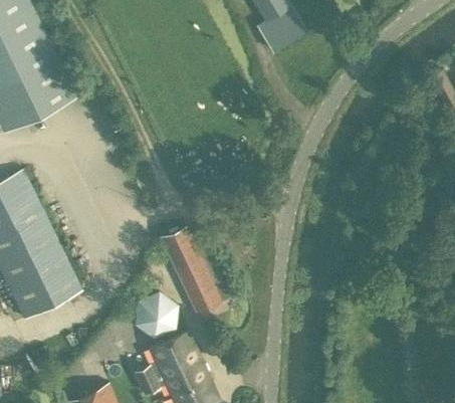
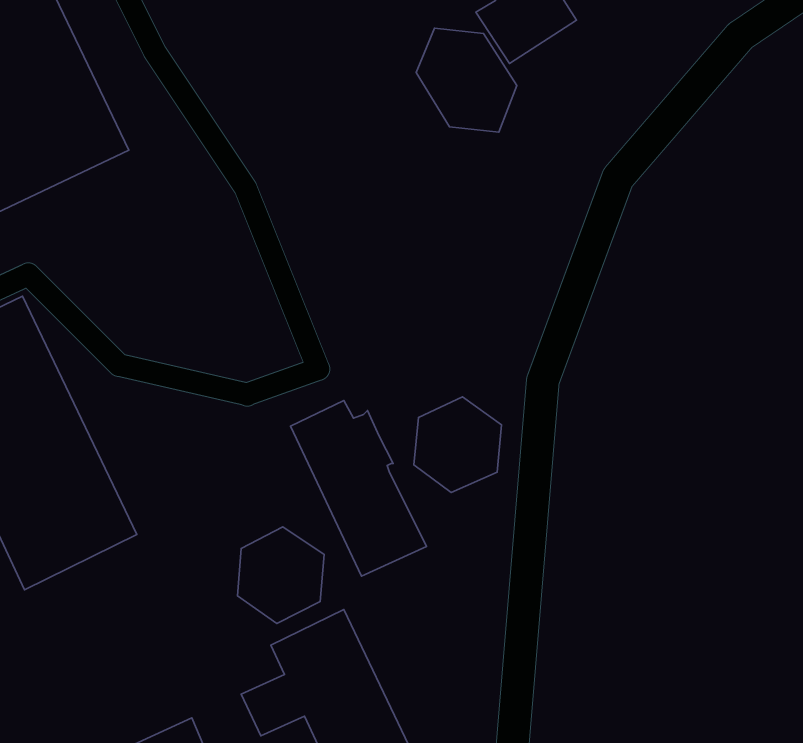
building: none -> [416,28,517,132]
building: none -> [414,397,502,493]

